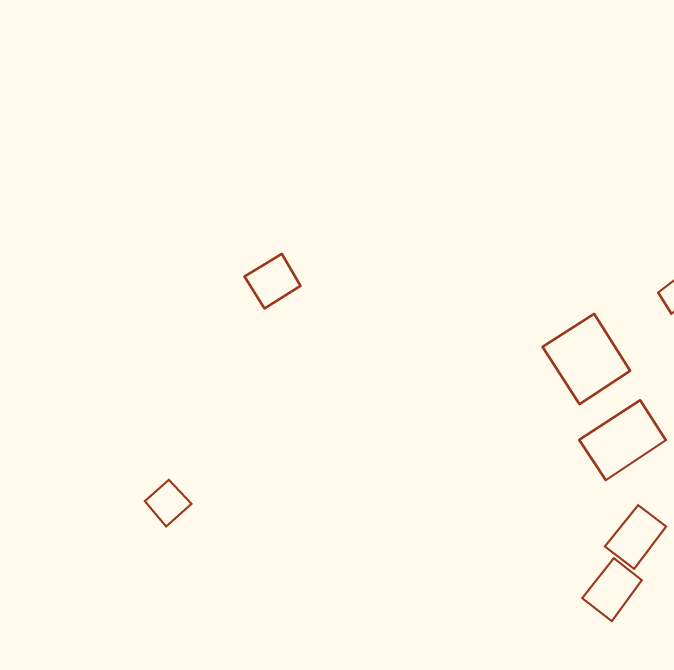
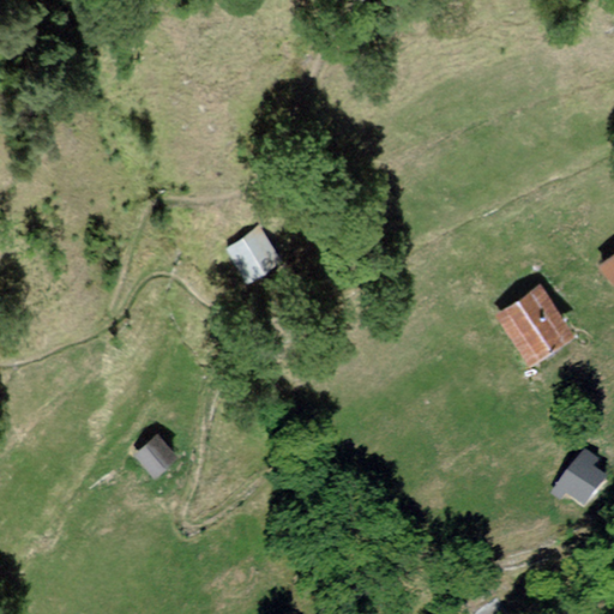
building: [579,400,666,480] -> none
building: [582,558,642,621] -> none

